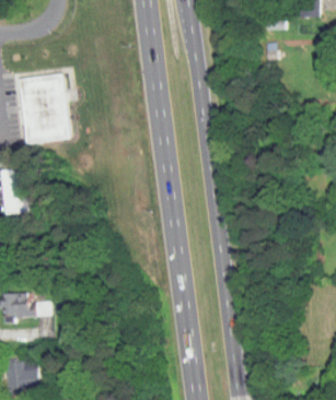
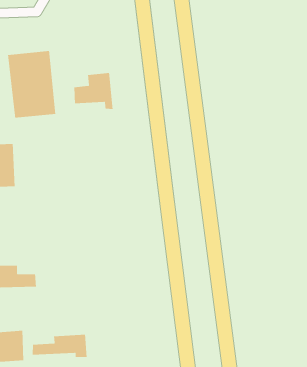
building: none -> [73,72,114,110]
building: none -> [32,334,88,358]

